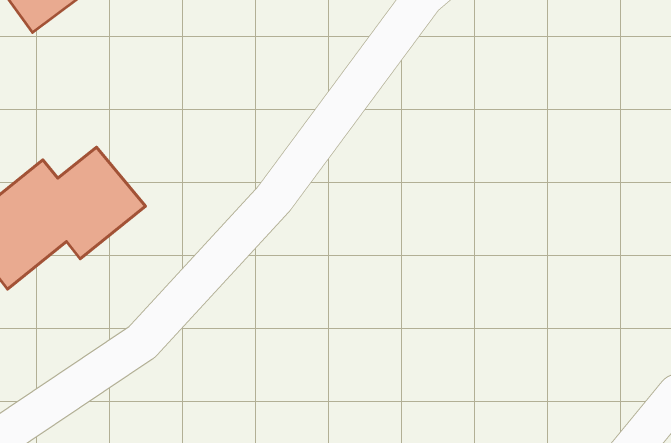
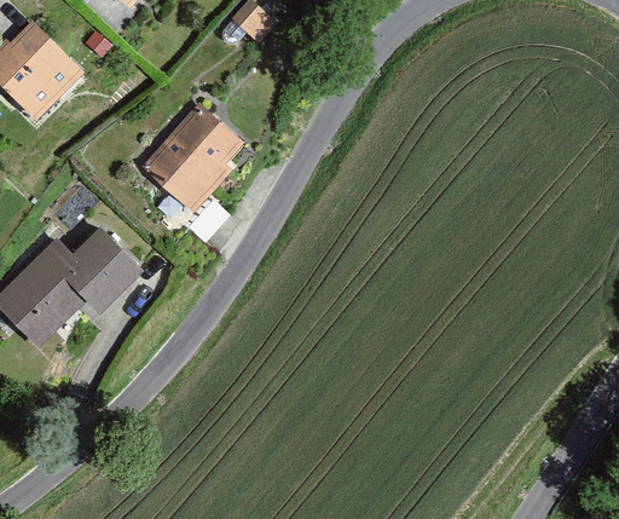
building: none -> [145,105,239,206]

